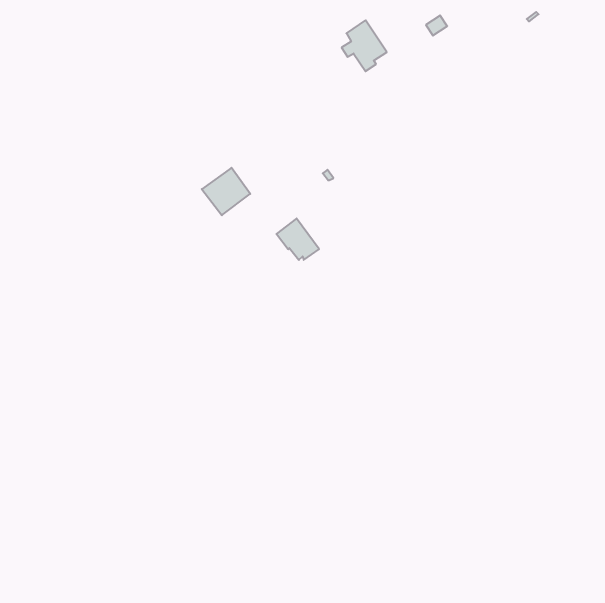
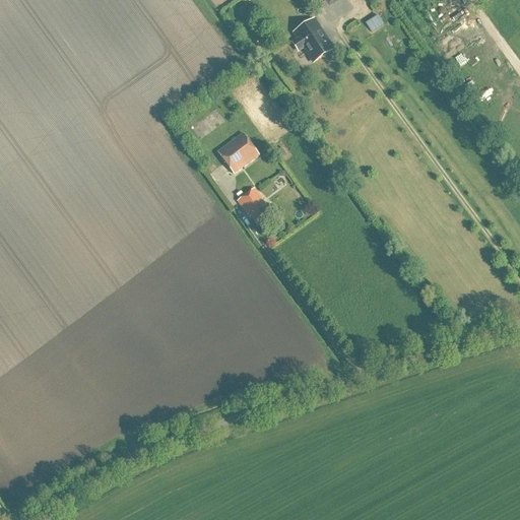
building: [202,168,250,215] -> [216,132,258,173]

